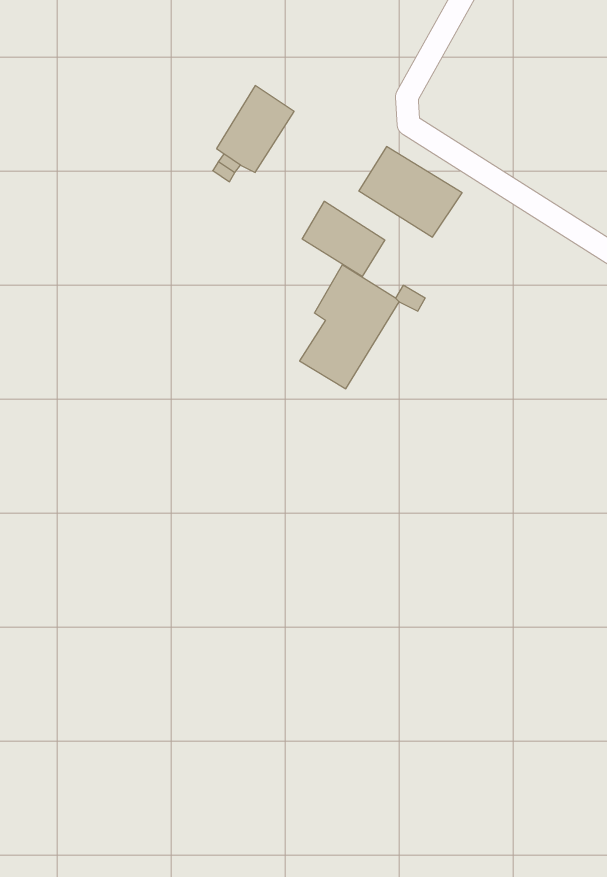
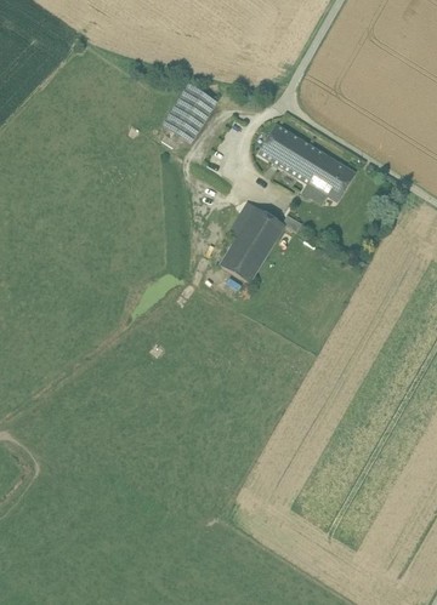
building: none -> [307,153,356,200]
building: [302,201,385,276] -> none

